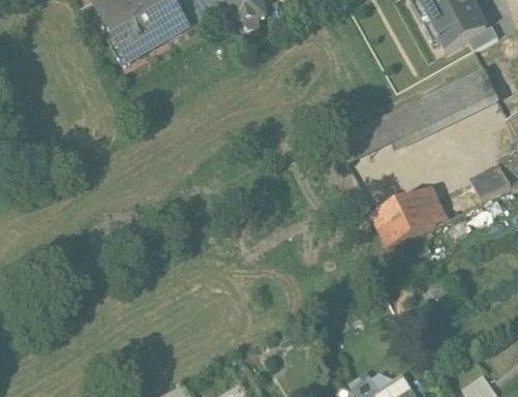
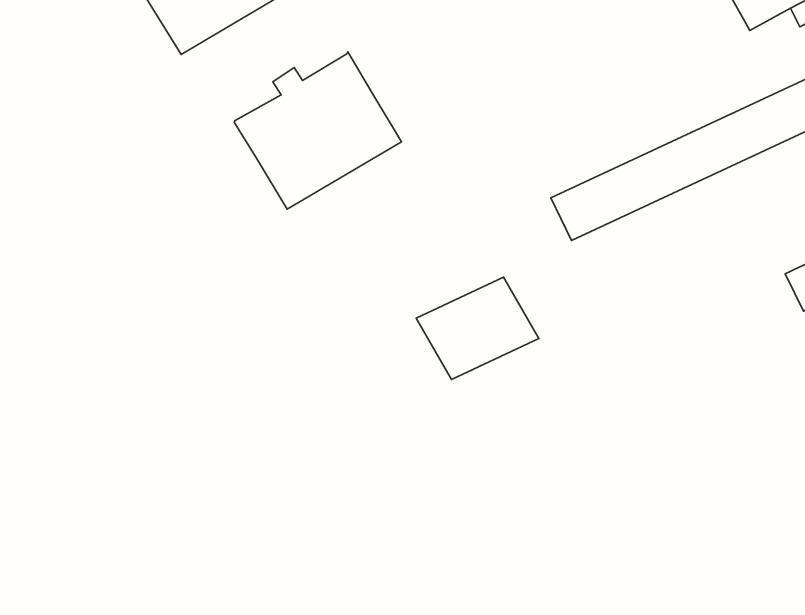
building: none -> [234,52,401,209]
building: [369,190,437,247] -> [416,277,539,379]

